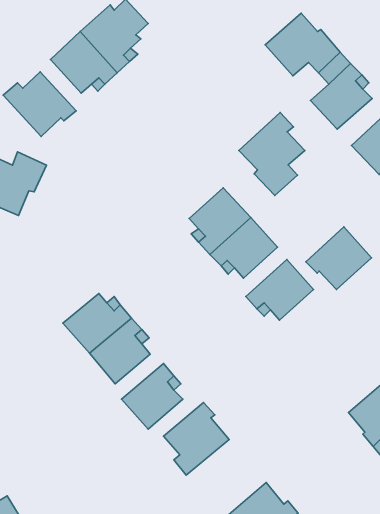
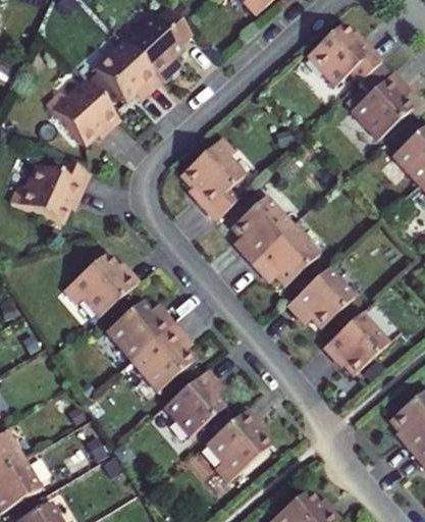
building: [239,112,305,196] -> [180,137,246,219]
building: [306,227,372,290] -> [323,312,388,374]
building: none -> [64,252,139,316]

